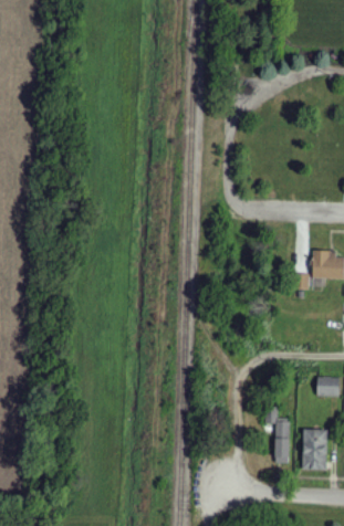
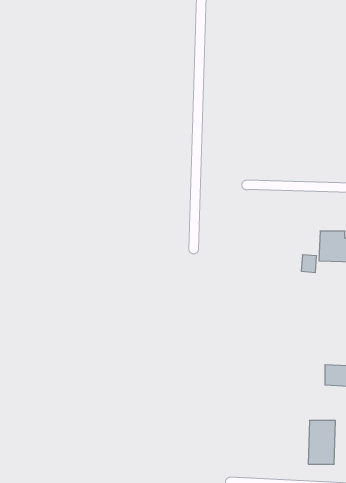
building: [265,406,290,462] -> none

